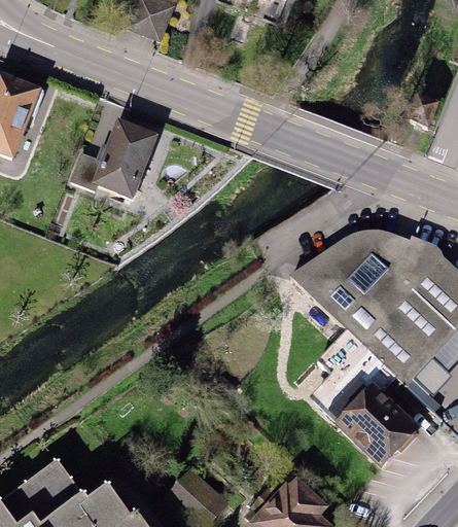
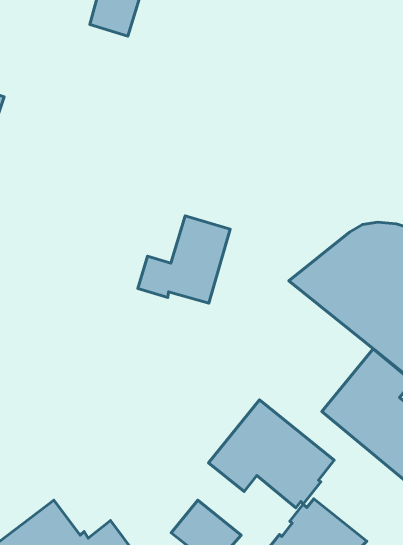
building: [69,118,157,200] -> [138,216,230,303]
building: none -> [209,400,334,508]

